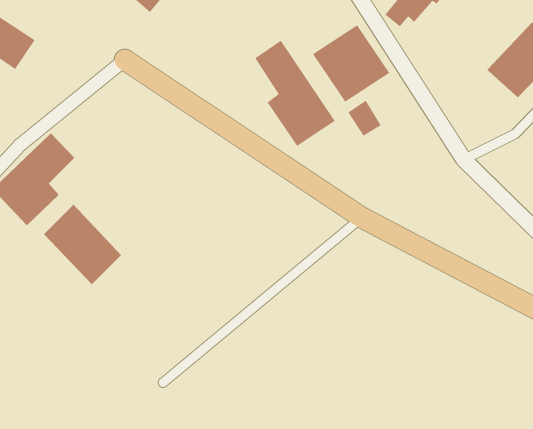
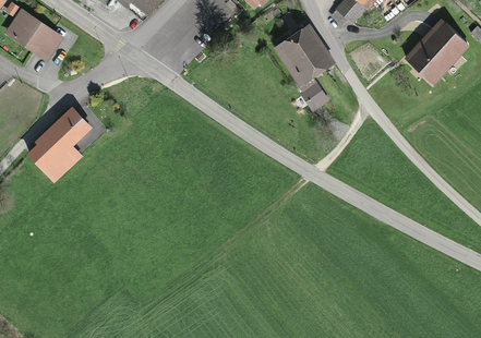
building: [254,40,336,147] -> none
building: [43,204,122,285] -> none

